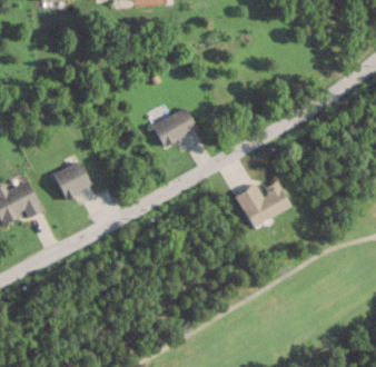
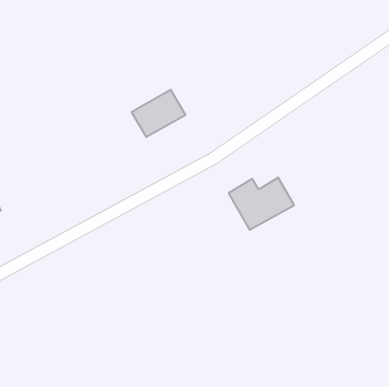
building: [51,162,89,200] -> none

